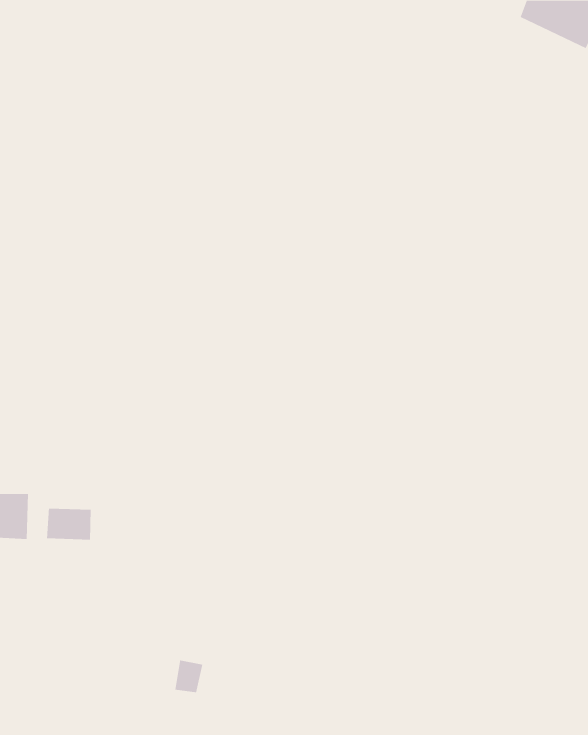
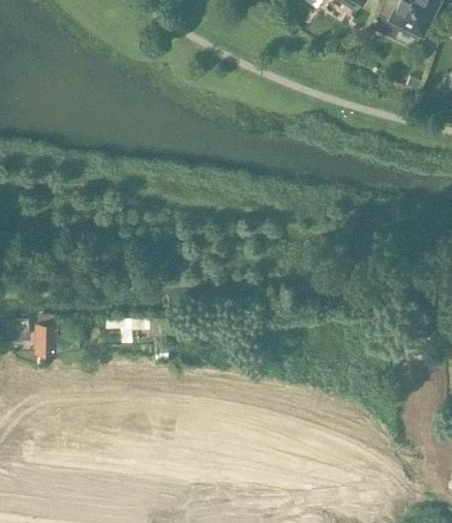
building: [46,508,91,540] -> none

